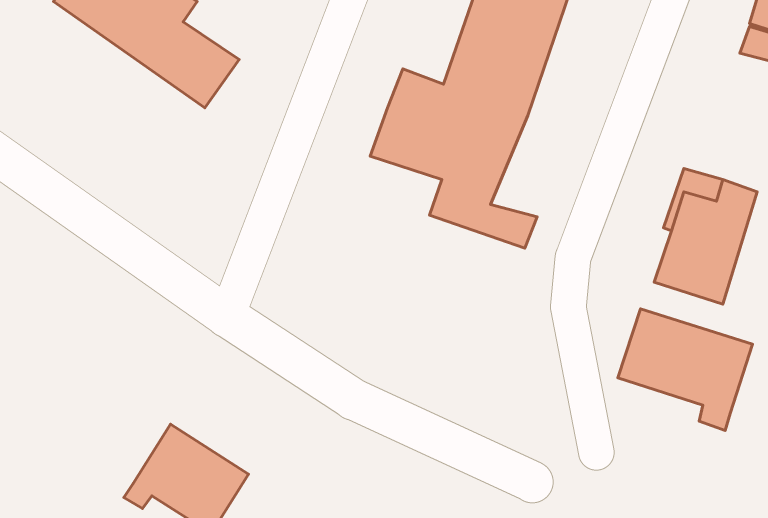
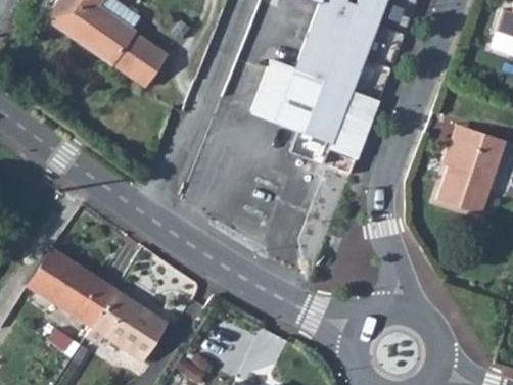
building: none -> [329,89,381,155]
building: [618,309,753,430] -> none
building: none -> [31,248,120,330]

